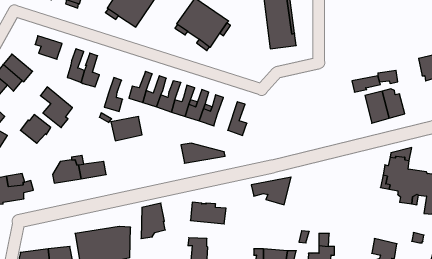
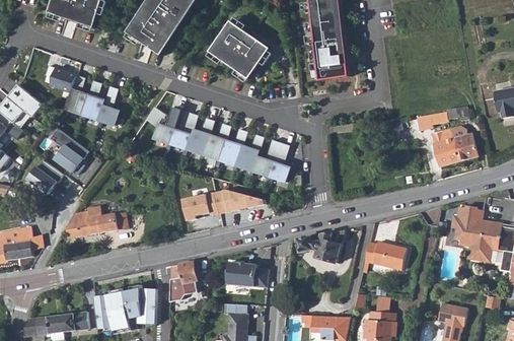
building: [104,78,123,111] -> [65,74,86,114]
building: none -> [253,139,281,176]
building: [111,117,142,141] -> [182,193,219,221]
building: none -> [361,243,406,273]

